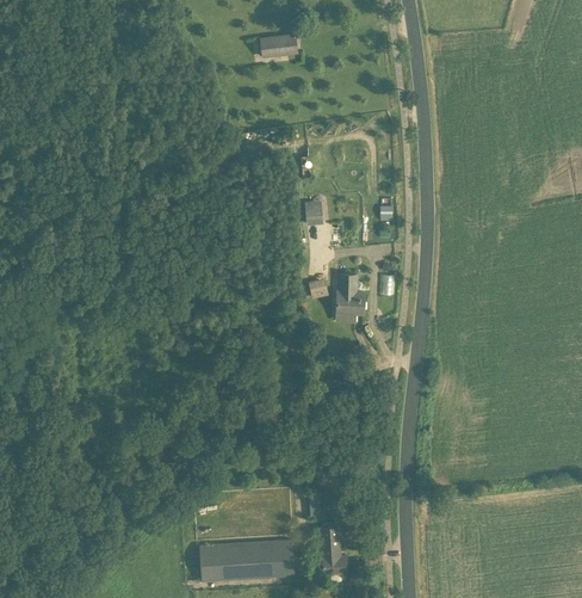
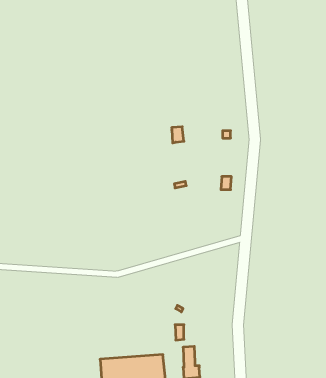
building: [261,33,299,57] -> none
building: [335,275,365,321] -> none

